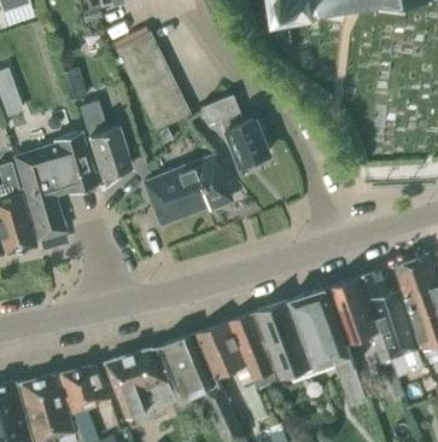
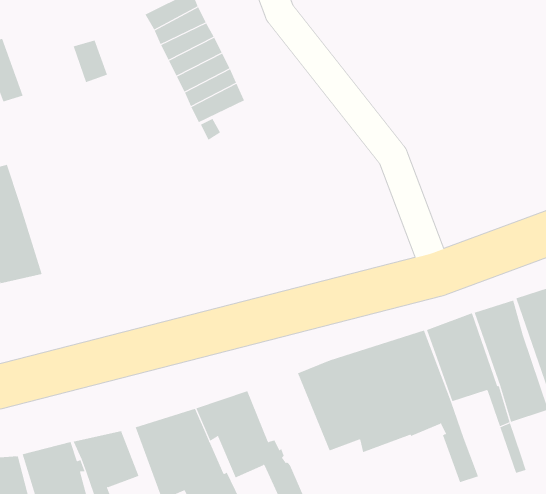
building: [200,95,267,167] -> none
building: [80,101,130,178] -> none
building: [13,132,97,240] -> none
building: [142,157,229,225] -> none
building: [195,321,253,384] -> none

